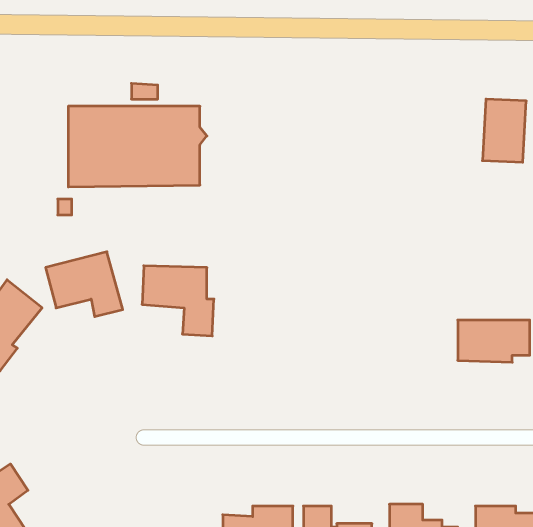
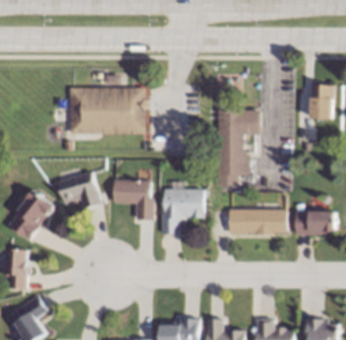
building: none -> [217,109,261,180]
building: none -> [163,188,204,233]
building: none -> [229,208,288,234]

